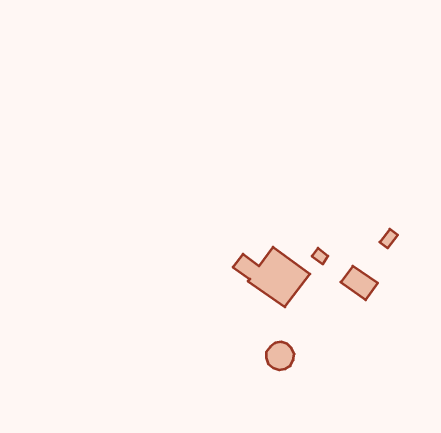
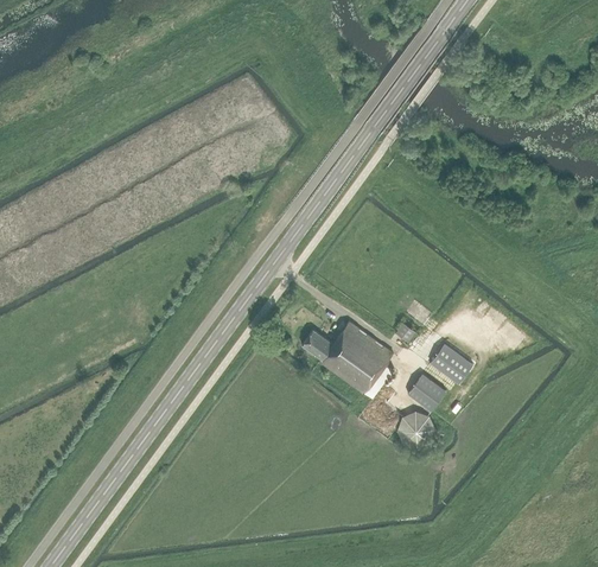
building: none -> [407,372,443,408]
building: [266,342,294,370] -> [400,412,433,445]

